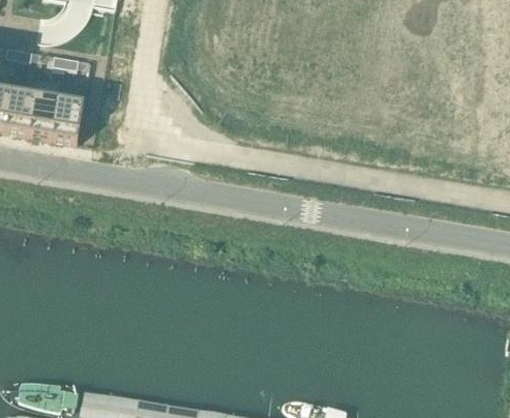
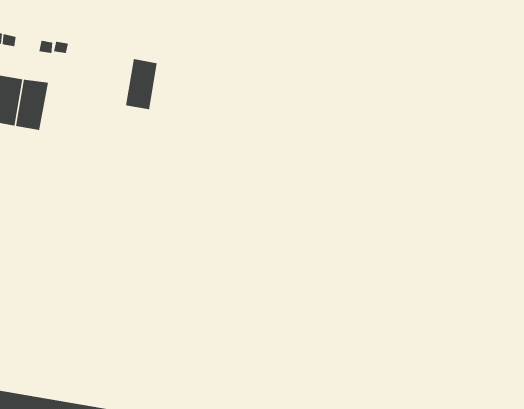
building: [52,93,82,141] -> [125,59,158,110]

